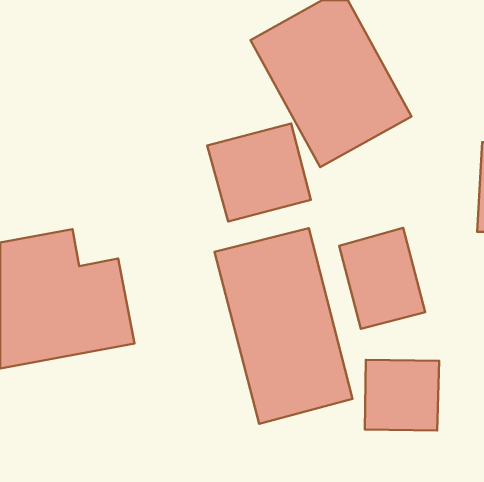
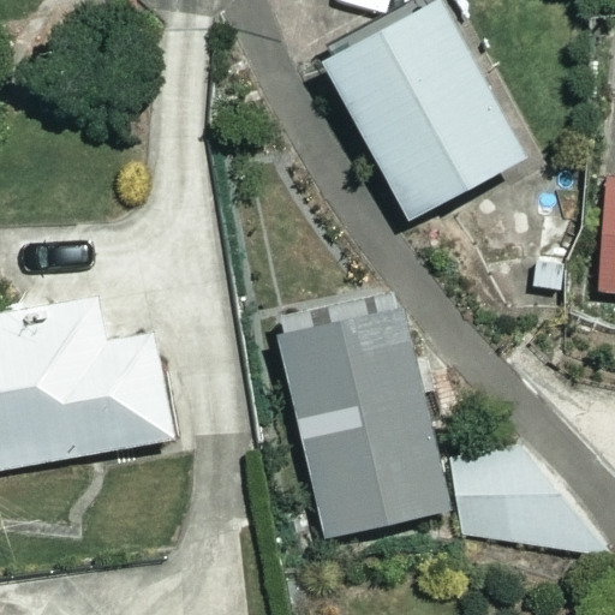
building: [207,124,311,221] -> none
building: [339,228,425,329] -> none

